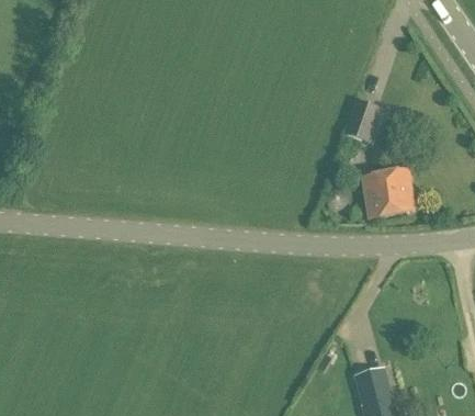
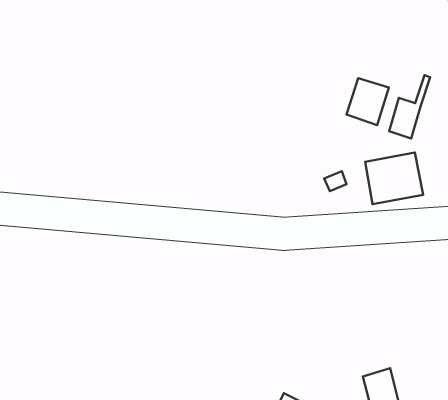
building: none -> [389,75,430,139]

